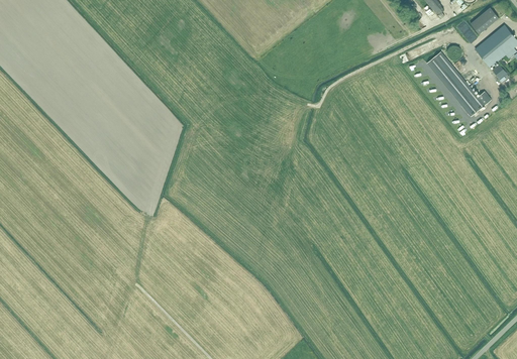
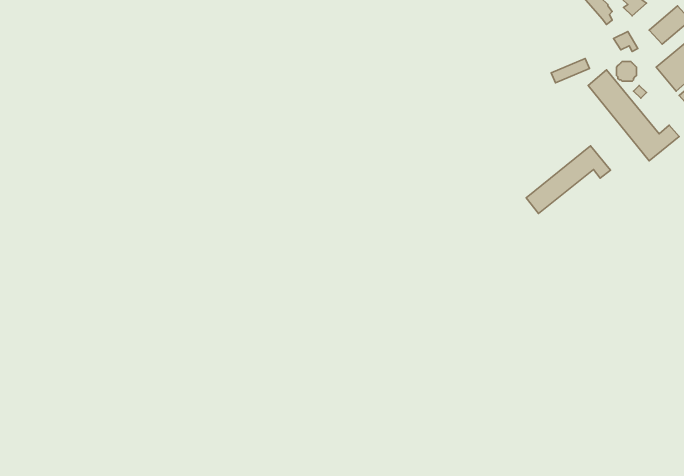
building: none -> [526,146,610,213]

